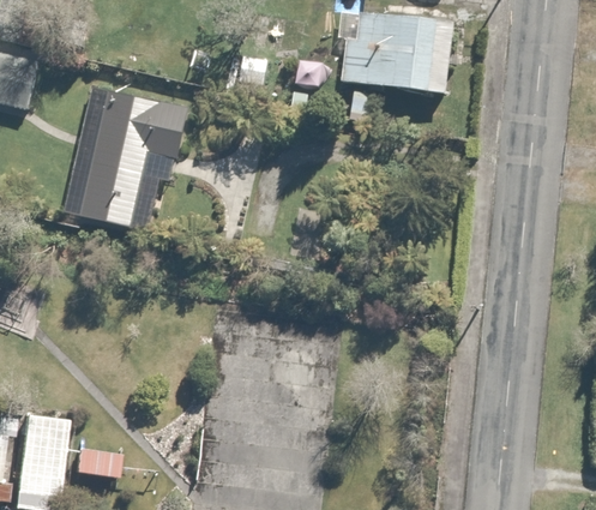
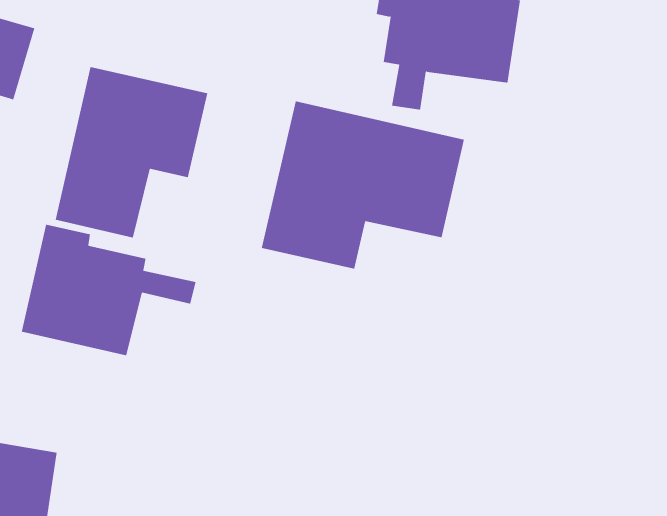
building: none -> [261,100,464,269]
building: none -> [21,224,196,356]

